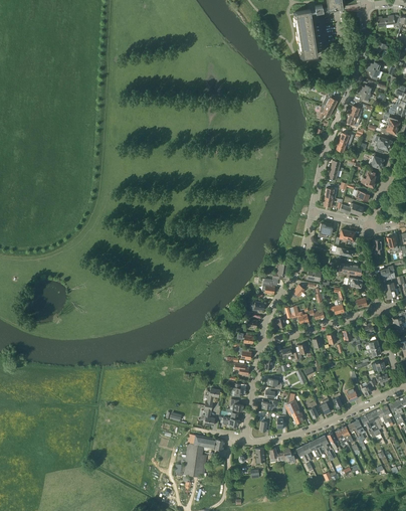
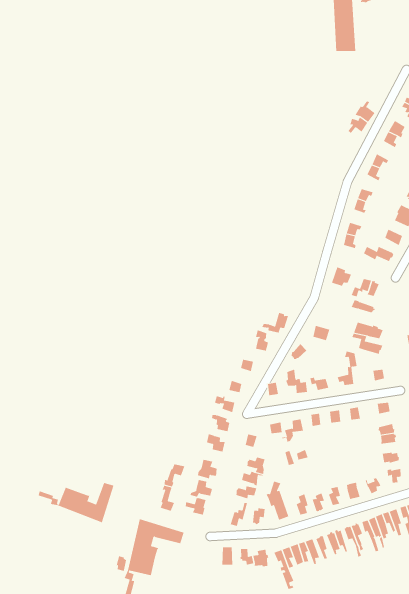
building: none -> [38,482,114,523]

